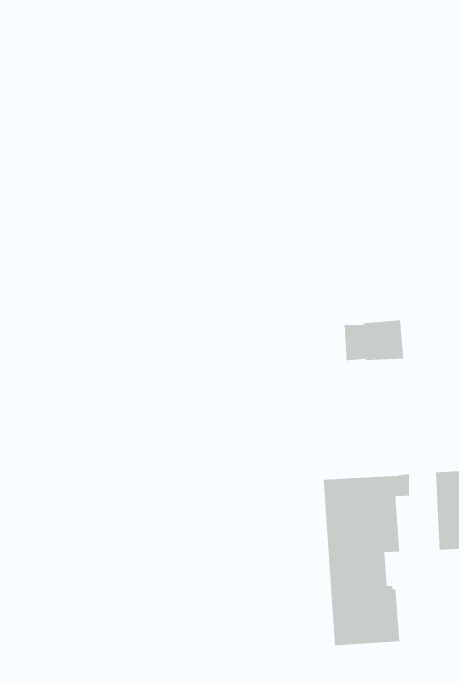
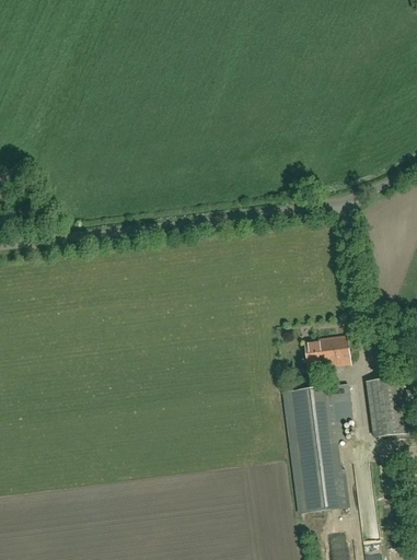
building: [344,320,404,361] -> [303,335,349,368]

